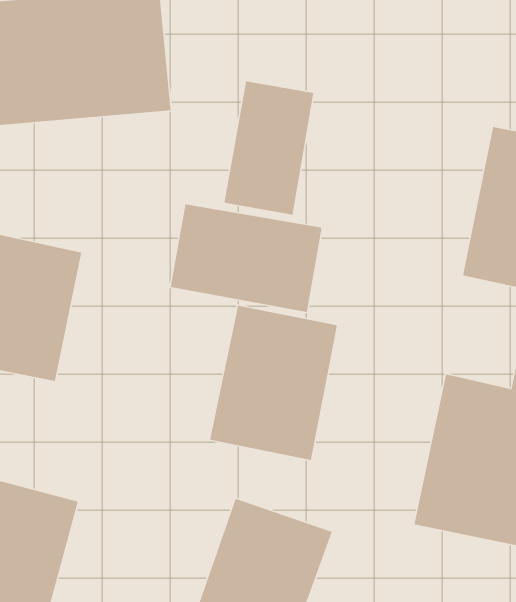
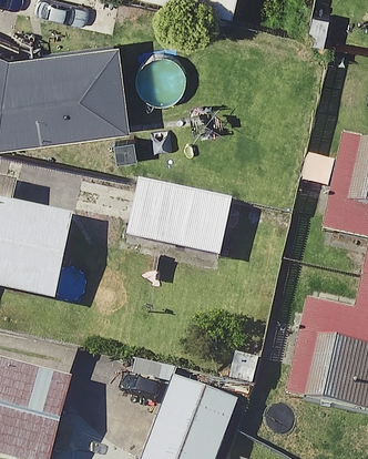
building: [223,81,314,215] -> none
building: [209,305,338,461] -> none

